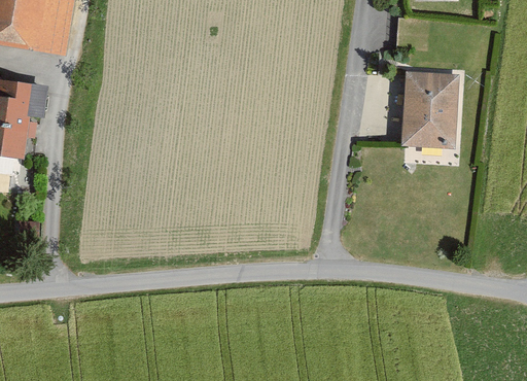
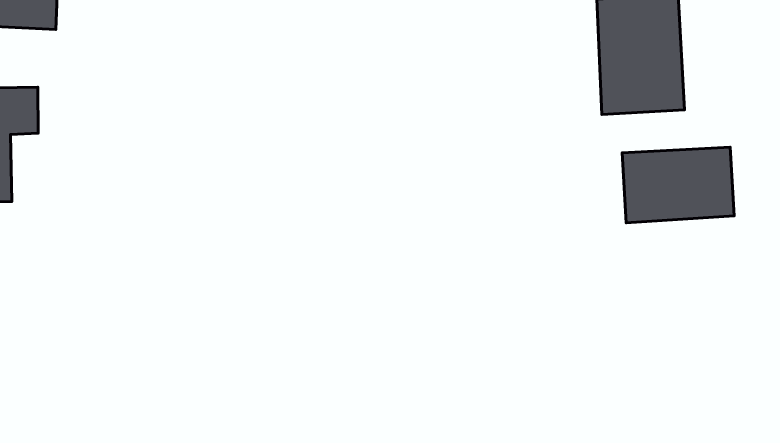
building: none -> [622,147,734,223]

